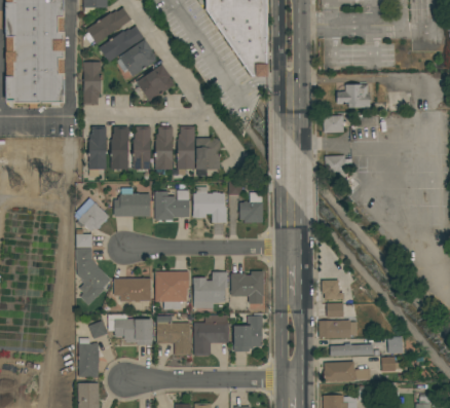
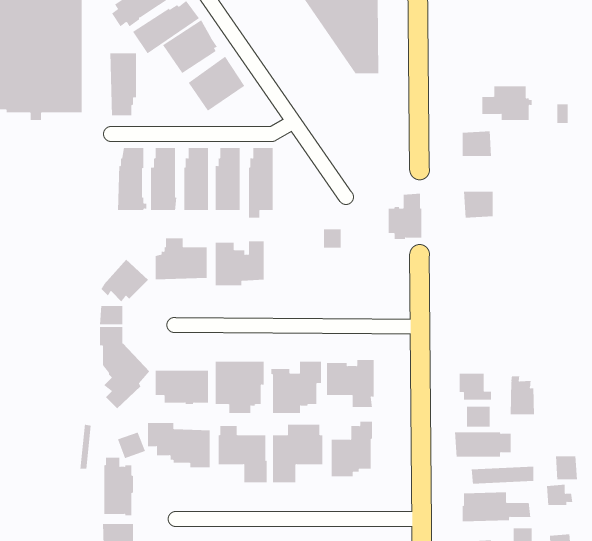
building: [196,138,220,176] -> none
building: [193,187,227,223] -> none
building: [239,192,263,224] -> [388,193,422,240]
building: none -> [510,376,535,415]

